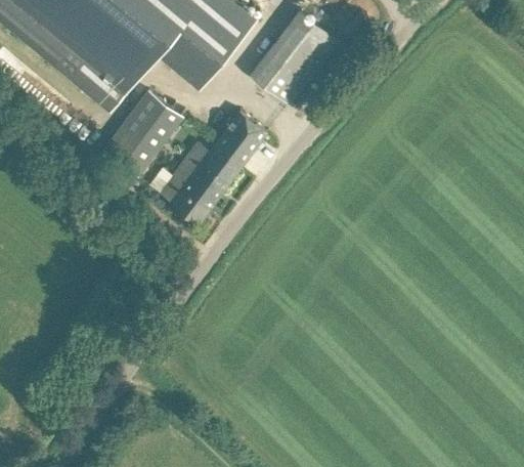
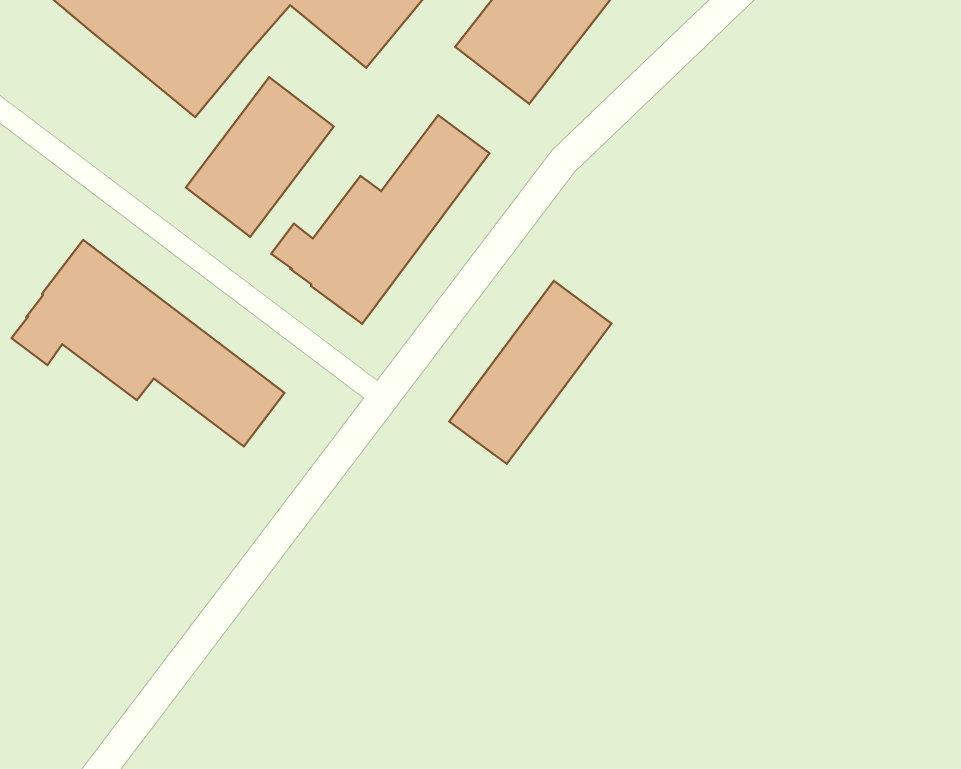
building: none -> [11,240,285,446]
building: none -> [449,281,611,464]

